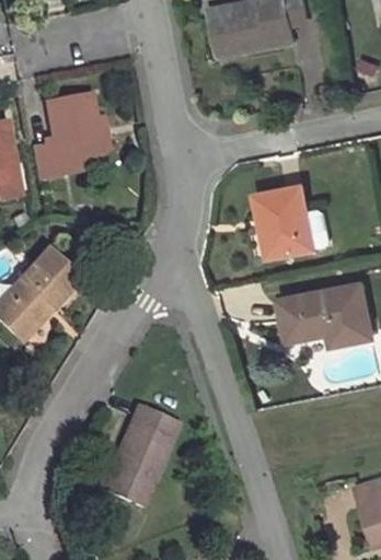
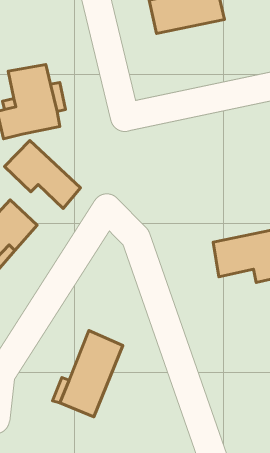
building: none -> [4,141,81,208]
building: [256,184,334,257] -> none

